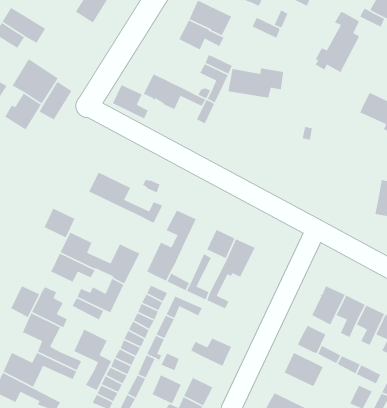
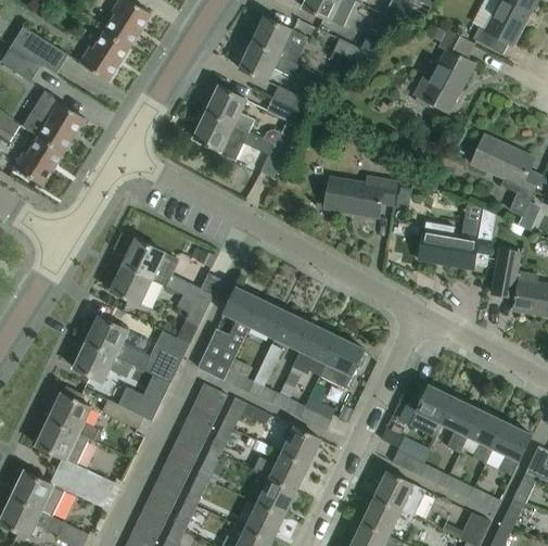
building: none -> [79,33,128,81]
building: [228,67,284,99] -> [323,177,396,217]
building: [38,81,73,121] -> none
building: [112,84,149,119] -> [205,87,253,132]
building: none -> [418,208,495,269]
building: [44,207,76,239] -> [110,265,151,305]
building: none -> [175,294,206,344]
building: none -> [248,300,286,340]
building: none -> [318,337,364,389]
building: [10,285,40,318] -> none
building: none -> [298,397,333,430]
building: none -> [281,427,320,465]
building: [73,329,112,391] -> none
building: none -> [361,498,400,536]
building: [151,374,182,405] -> [256,478,295,517]

